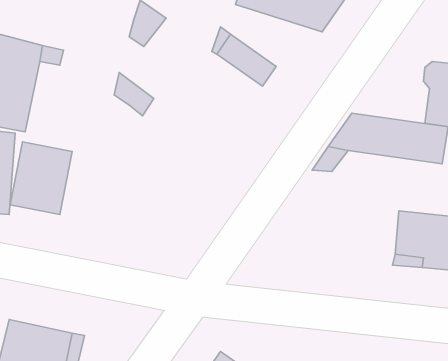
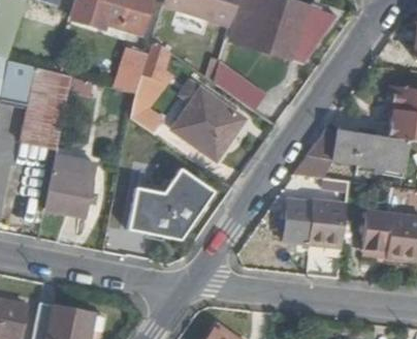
building: none -> [115,45,147,90]
building: none -> [173,87,240,157]
building: none -> [129,165,214,238]
building: none -> [283,202,347,249]

